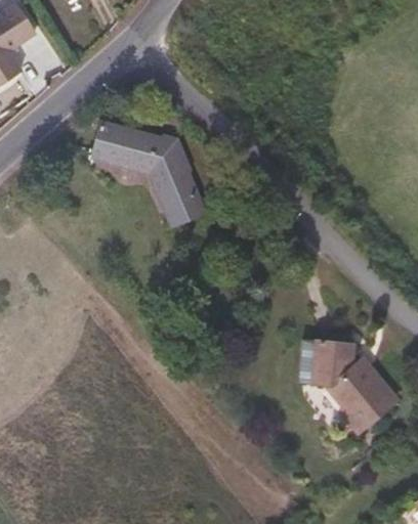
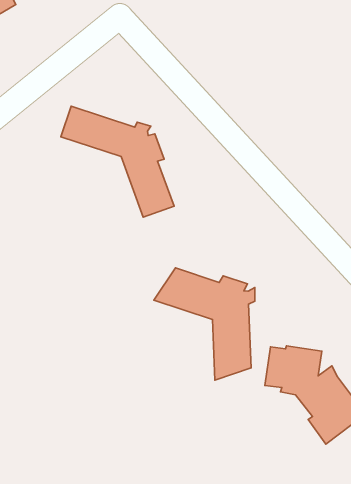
building: none -> [154,268,255,380]

